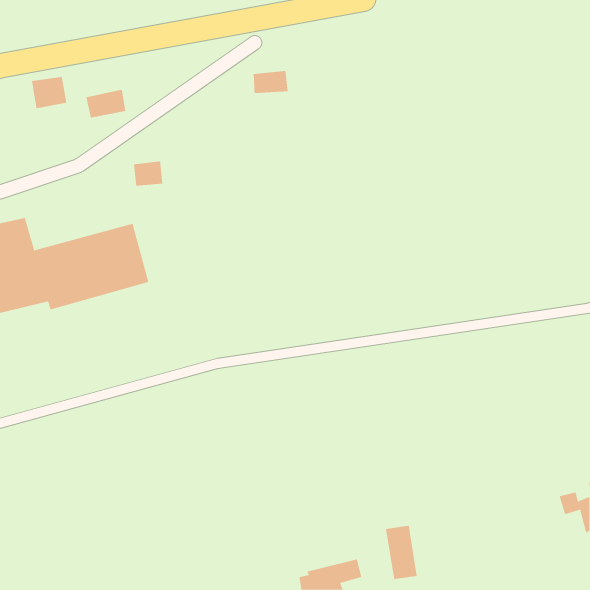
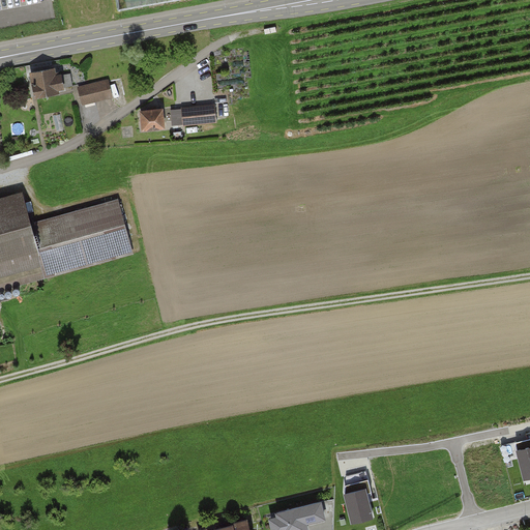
building: [253,71,289,94] -> [183,105,215,125]
building: [133,161,163,186] -> [138,108,165,130]

